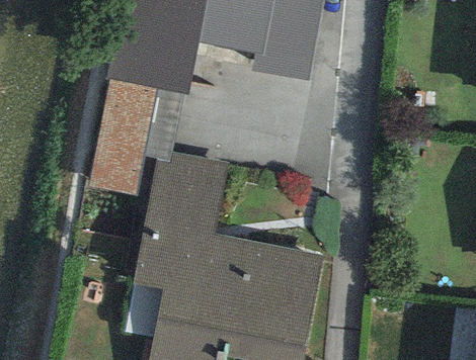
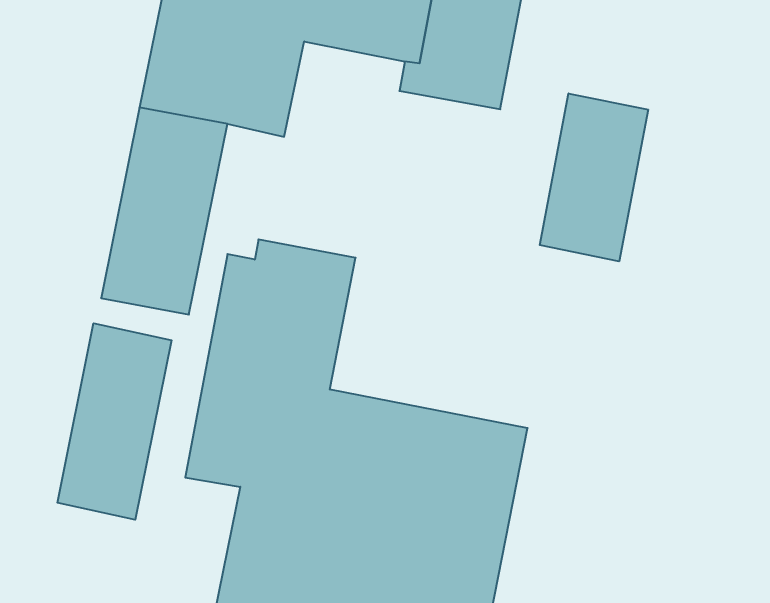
building: none -> [540,93,648,261]
building: none -> [57,323,172,520]

